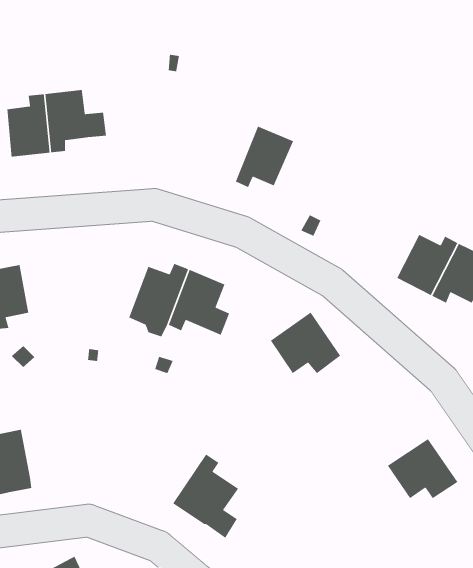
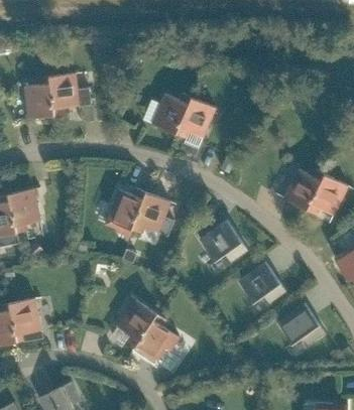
building: none -> [152,94,192,142]
building: none -> [238,263,285,303]
building: none -> [117,300,157,348]

